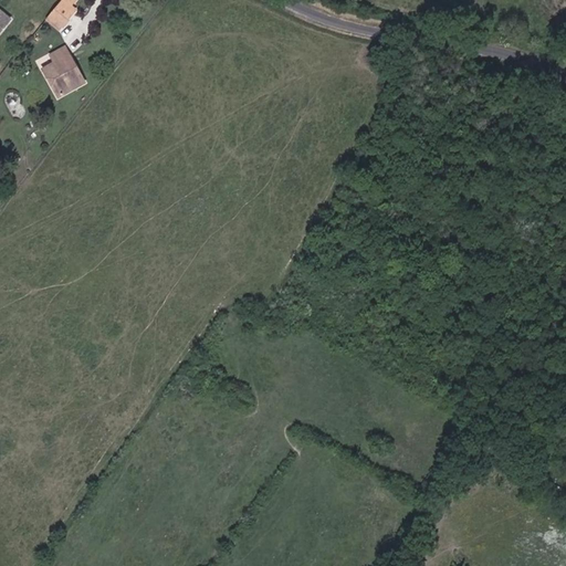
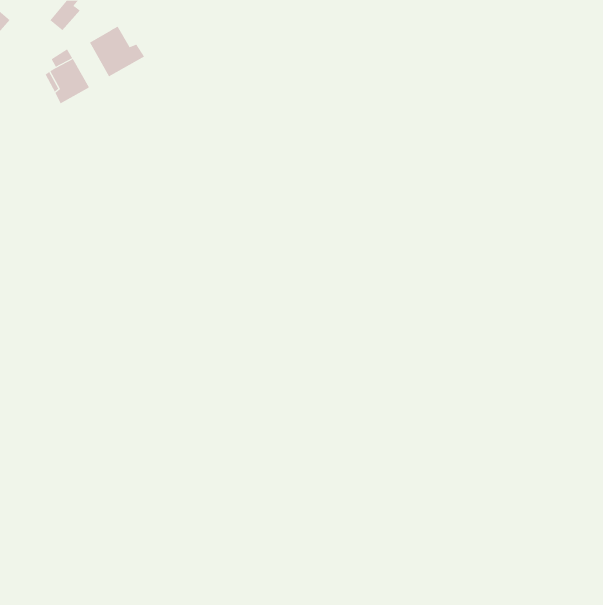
building: none -> [89,26,145,77]

